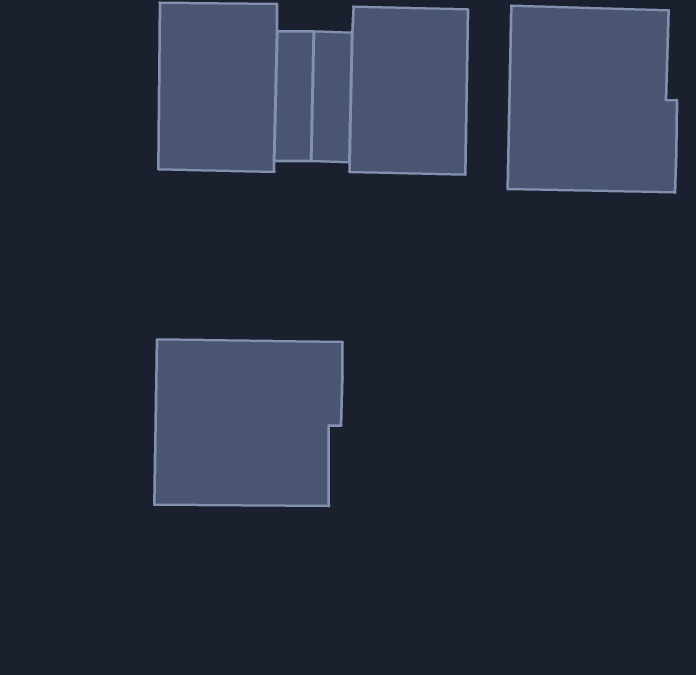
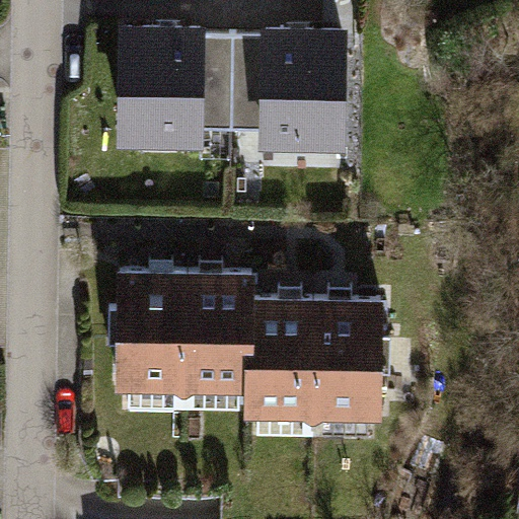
building: [508,6,677,193] -> none
building: none -> [244,297,383,421]

